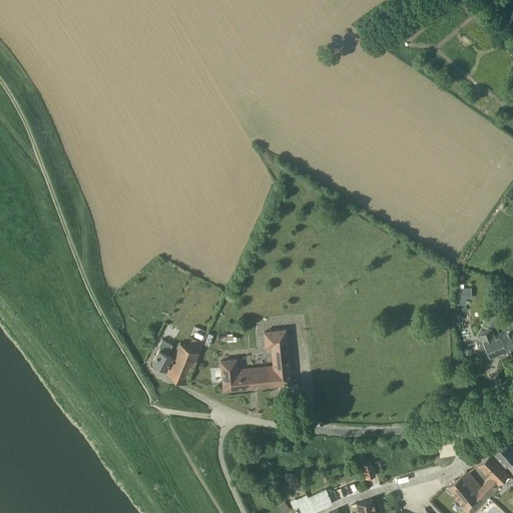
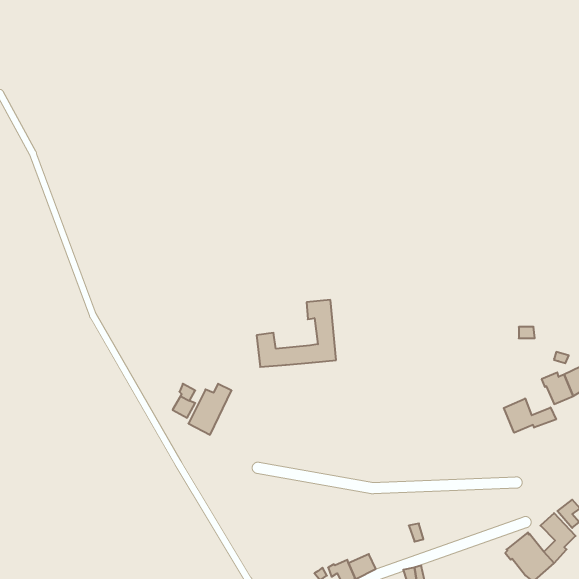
building: [221,331,292,390] -> [257,300,336,367]
building: none -> [504,398,556,433]

